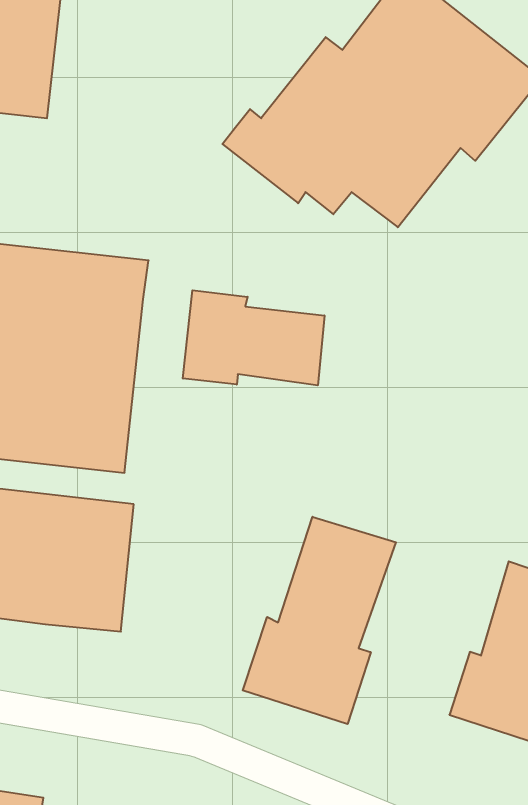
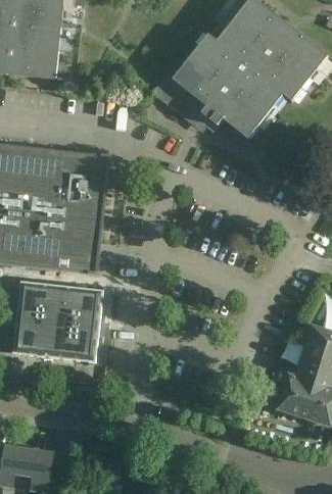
building: [183,290,324,385] -> none
building: [243,517,396,724] -> none

